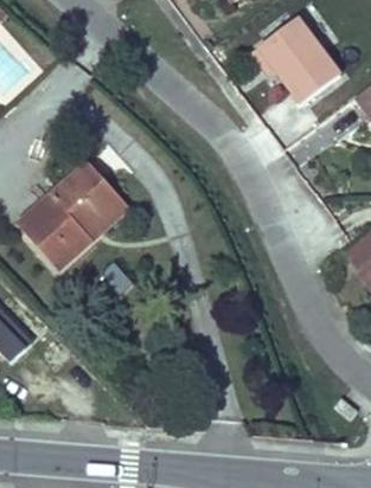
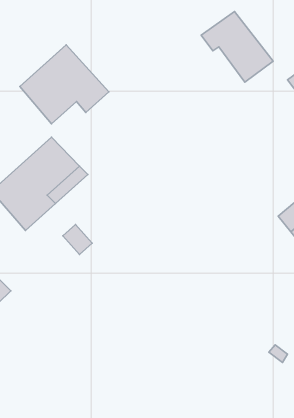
building: none -> [20,45,109,124]

